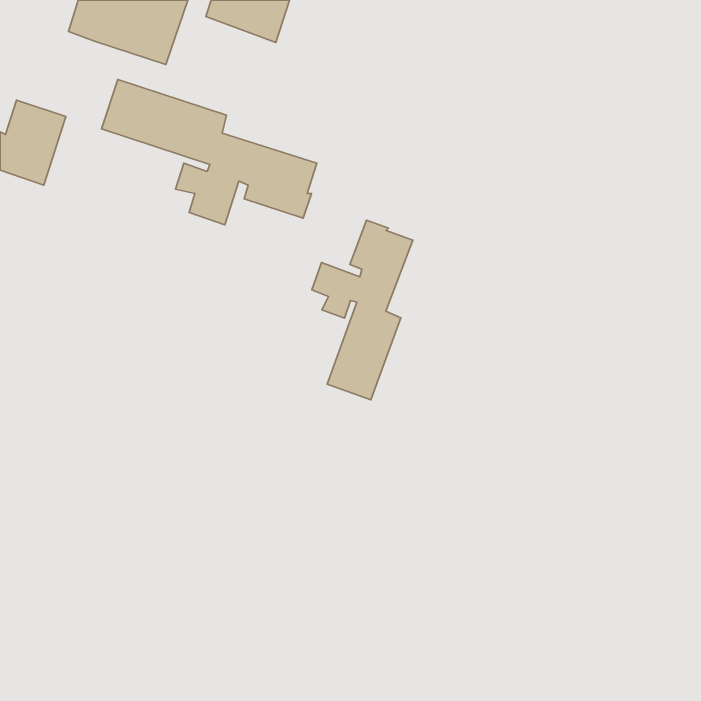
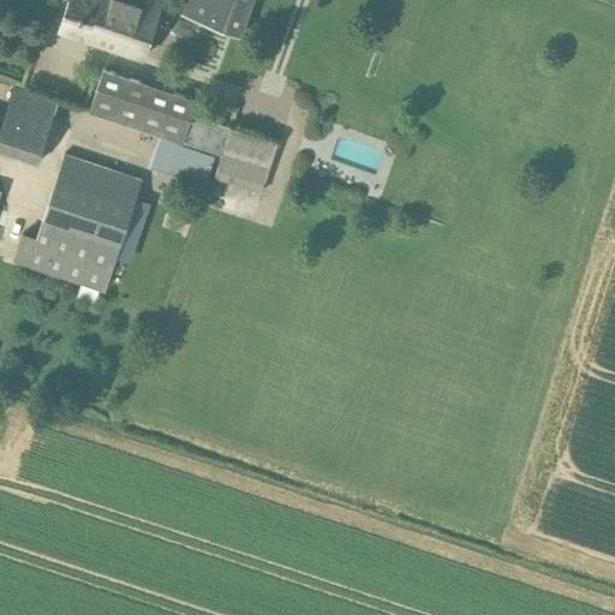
building: none -> [29,153,142,286]
building: [312,220,413,400] -> none

